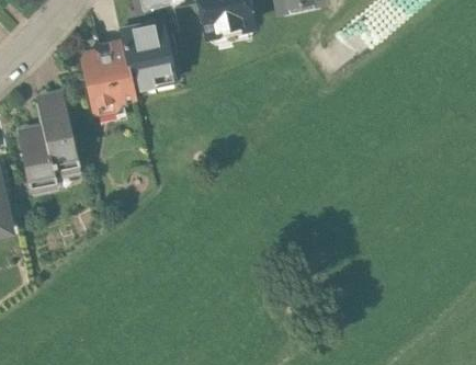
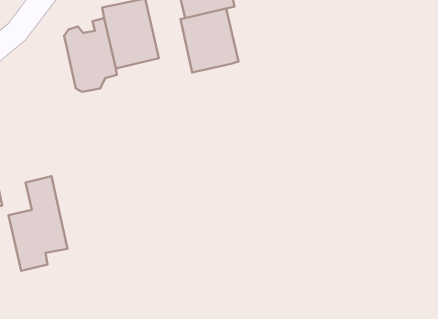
building: none -> [181,9,239,73]
building: [18,90,79,189] -> [9,176,67,271]

